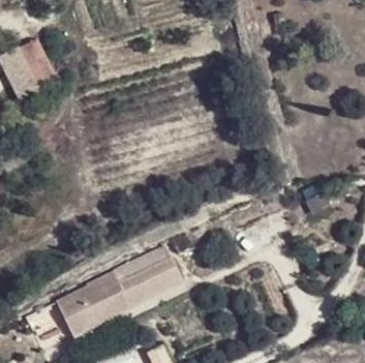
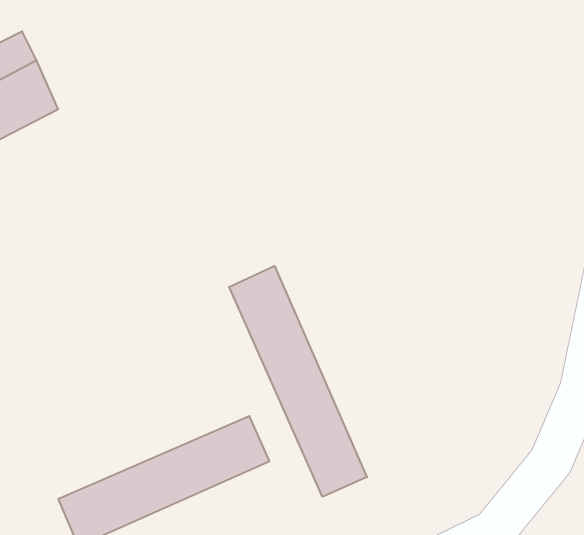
building: none -> [229,266,367,497]

